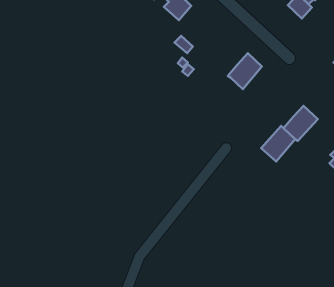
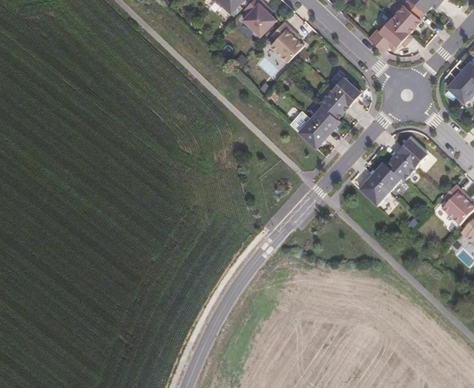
building: none -> [378,17,412,47]
building: none -> [269,22,303,62]
building: none -> [297,105,340,147]

